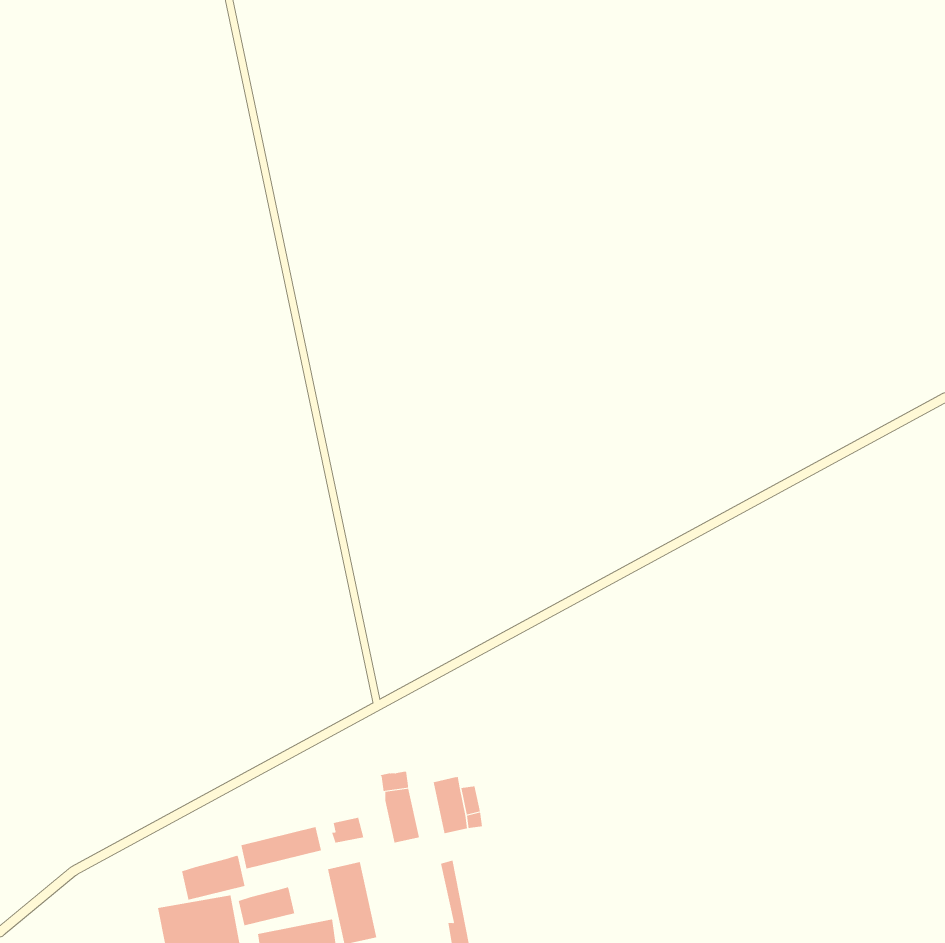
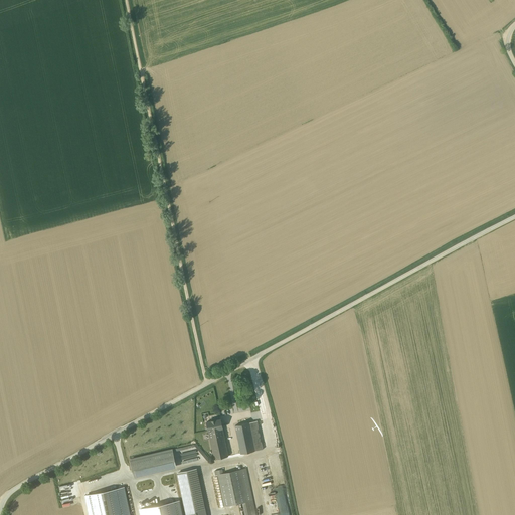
building: [181,855,245,901] -> none
building: none -> [217,471,246,507]
building: [238,886,295,926] -> none

